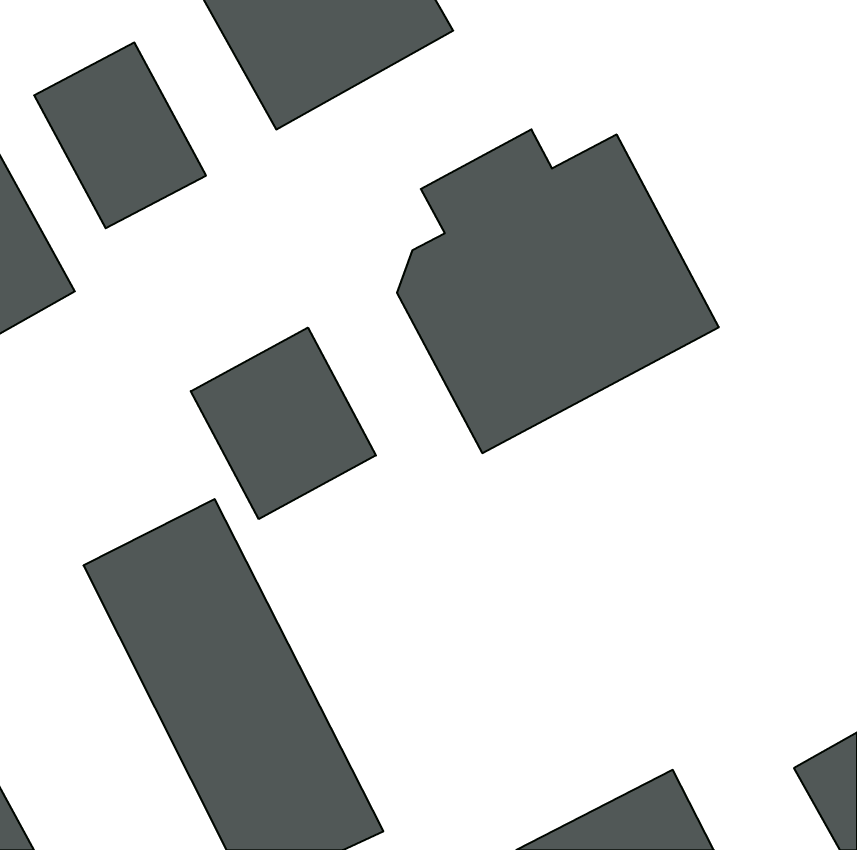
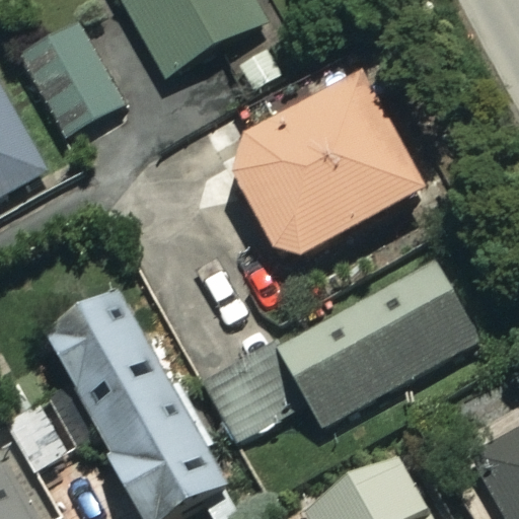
building: [191,328,376,519] -> none
building: none -> [275,254,476,426]

